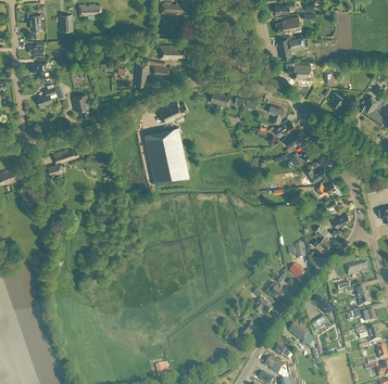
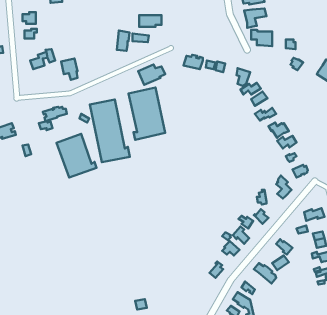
building: none -> [90,99,130,162]
building: none -> [56,134,97,178]

